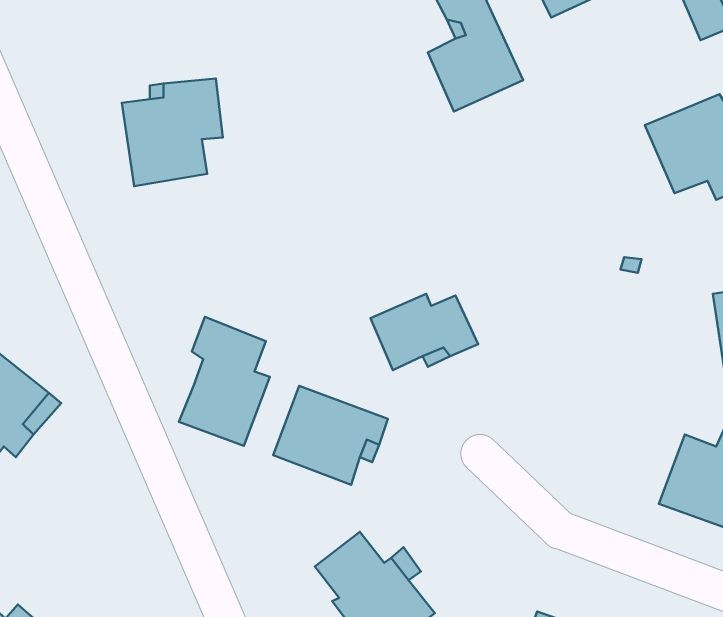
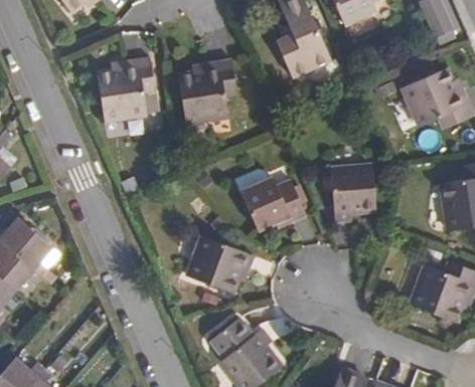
building: none -> [177,62,236,124]
building: none -> [328,166,374,216]
building: [179,317,270,446] -> none

